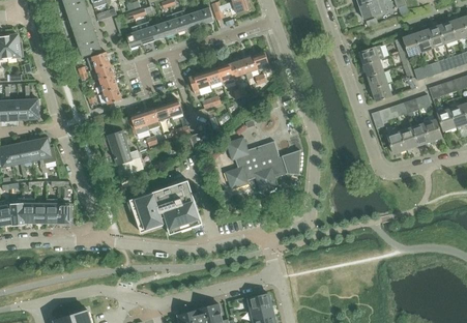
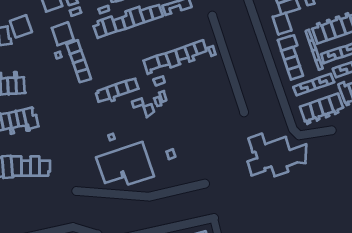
building: [65,8,93,36] -> [10,15,32,37]
building: none -> [273,13,291,35]
building: [107,130,142,173] -> none
building: [225,137,299,190] -> [247,134,306,176]

